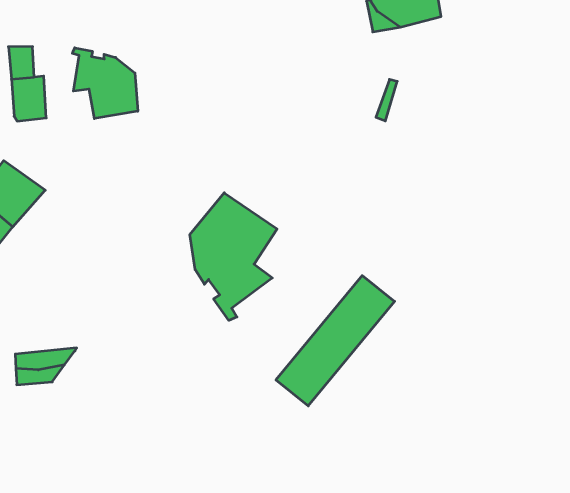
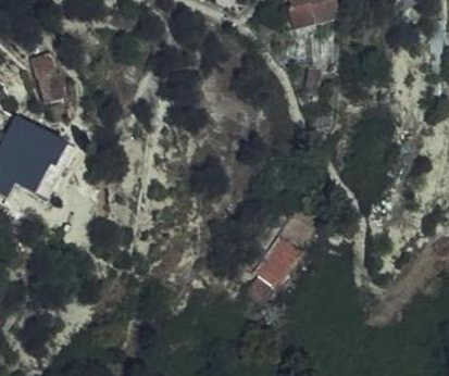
building: [72,48,138,119] -> none
building: [190,193,277,320] -> none

